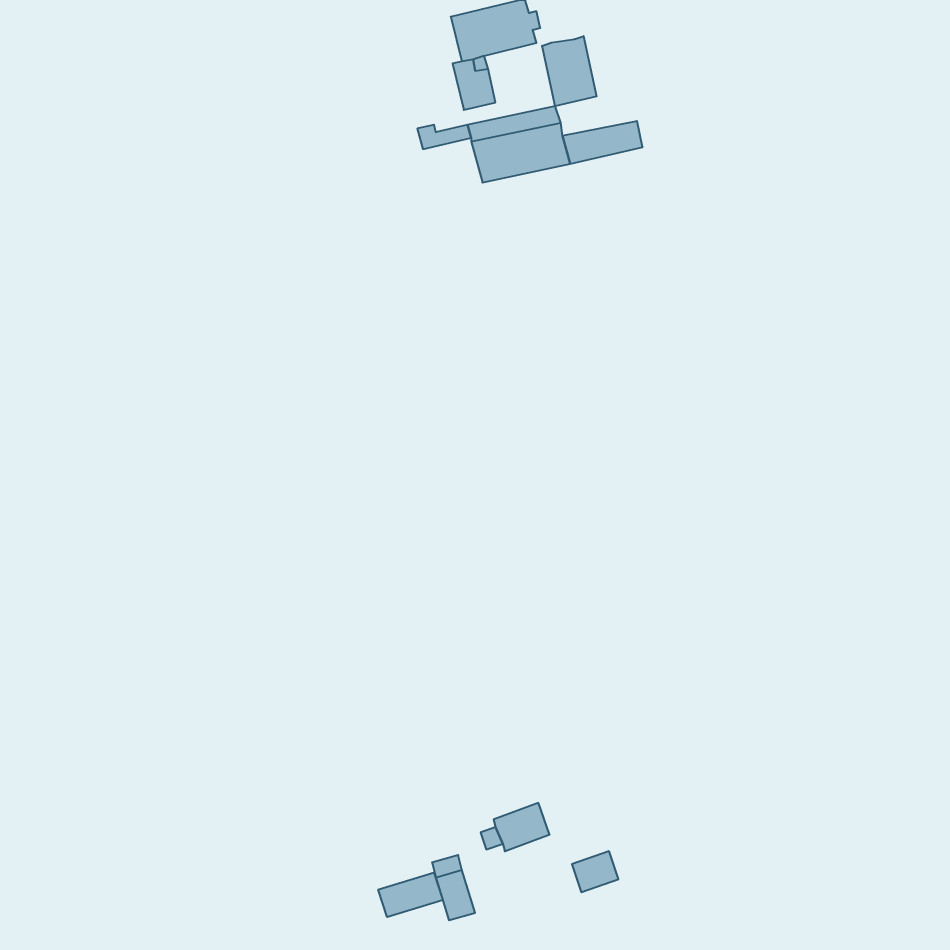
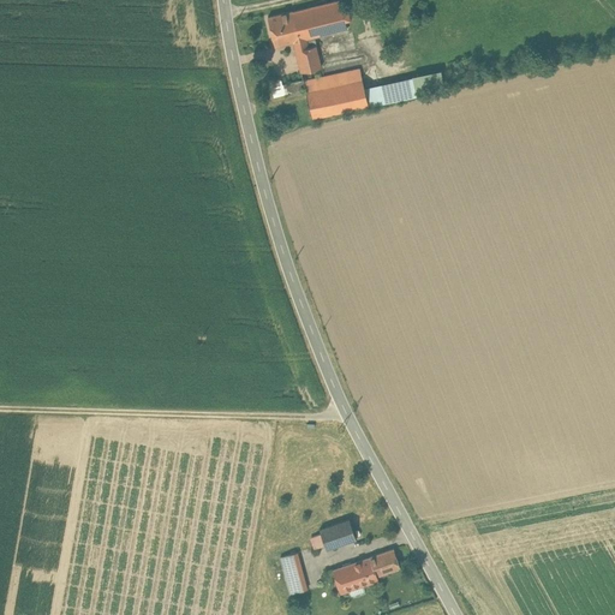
building: none -> [268,12,298,47]
building: [542,36,597,106] -> none
building: none -> [333,559,376,593]
building: [378,873,443,917] -> none

